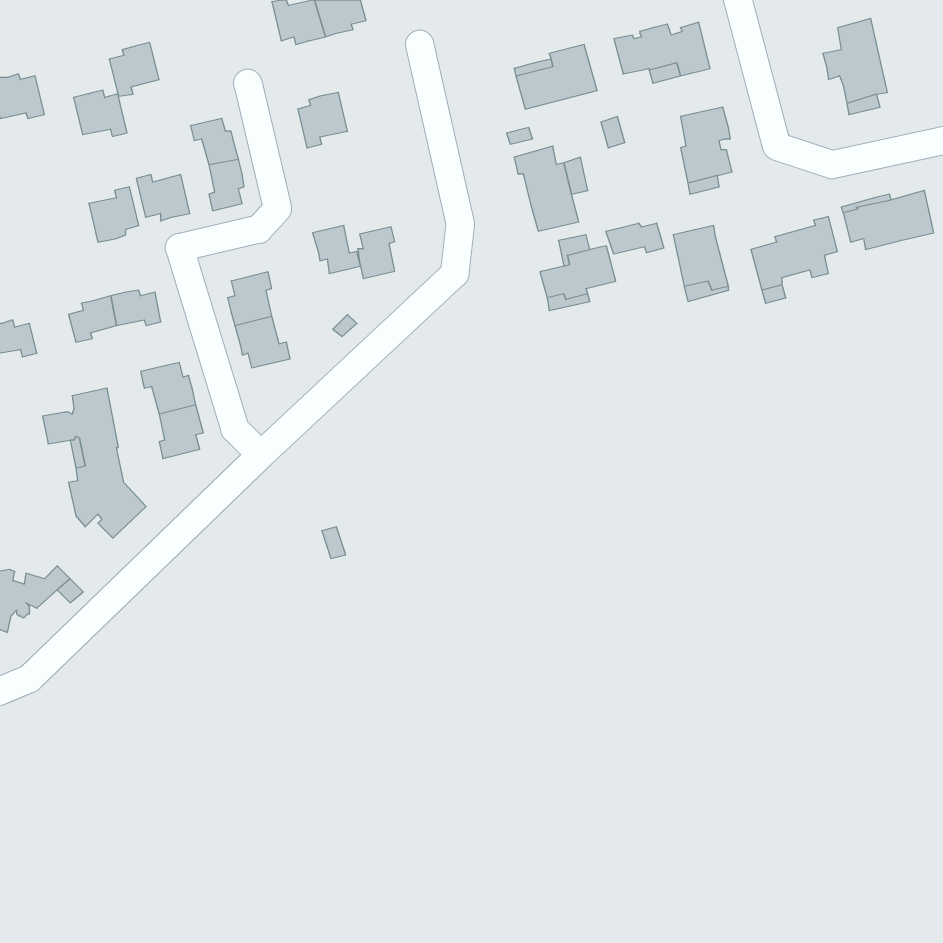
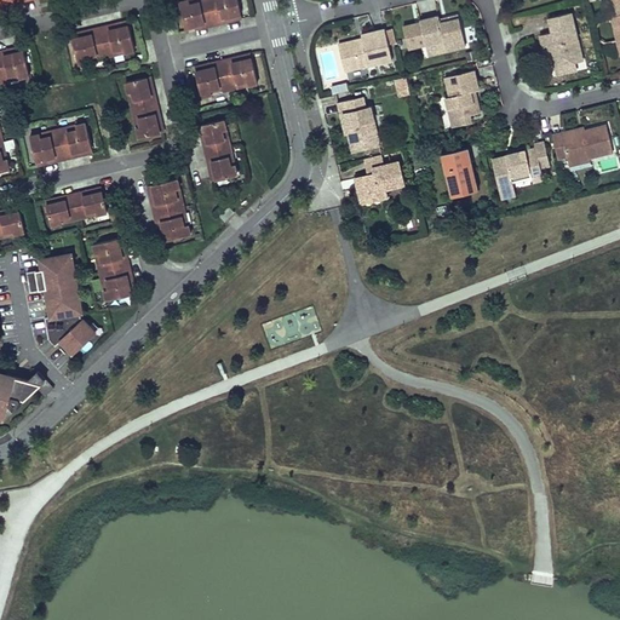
building: none -> [222,57,257,87]
building: [73,90,127,136] -> [98,24,133,54]
building: [136,175,190,221] -> [29,134,64,165]
building: [606,223,664,254] -> none
building: [358,227,395,279] -> [201,120,225,154]

